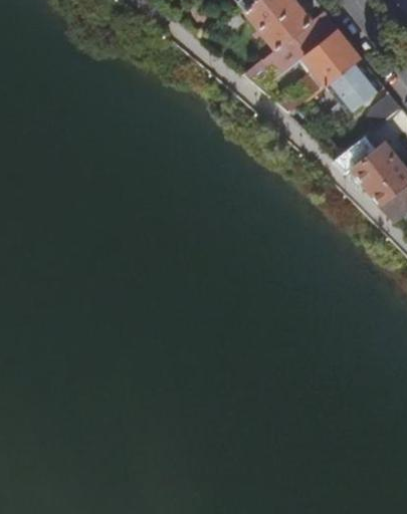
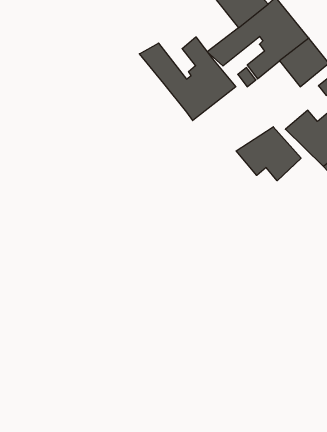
building: none -> [139,37,236,121]
building: none -> [236,127,301,181]

